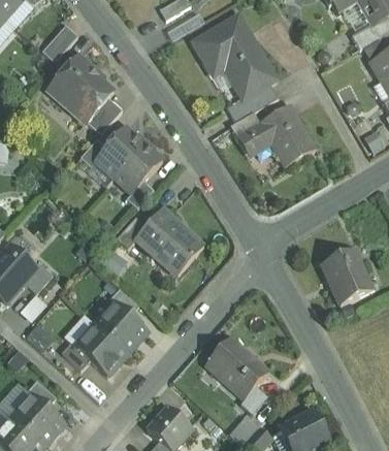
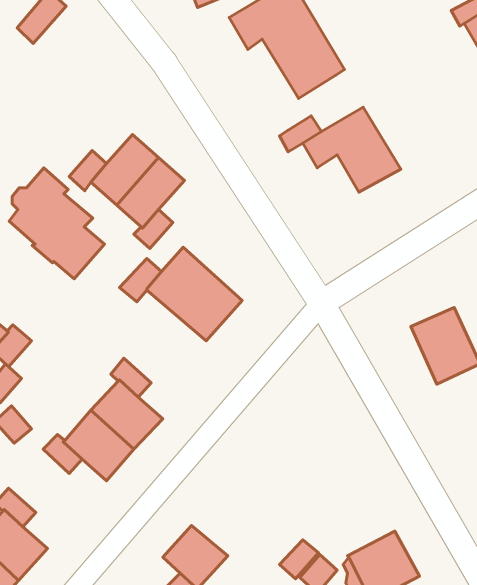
building: [54,55,122,134] -> [9,168,104,279]
building: [226,85,279,124] -> none
building: [207,337,268,397] -> none

